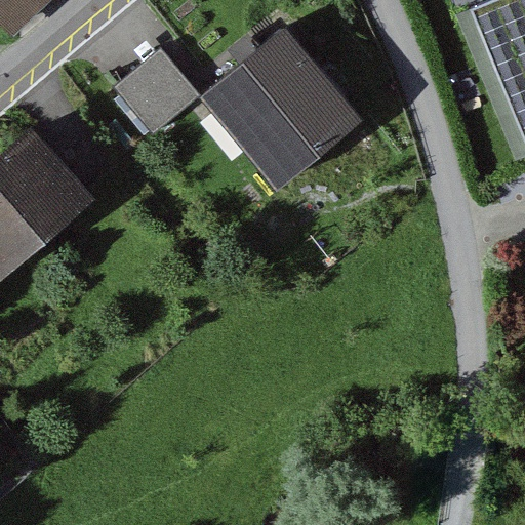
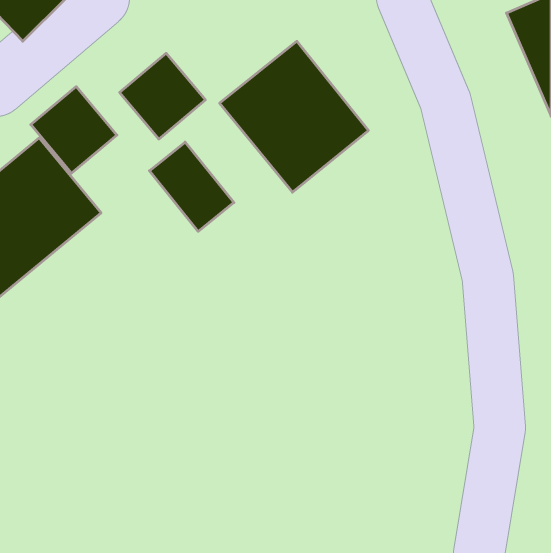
building: none -> [31,87,117,173]
building: none -> [149,142,234,231]

